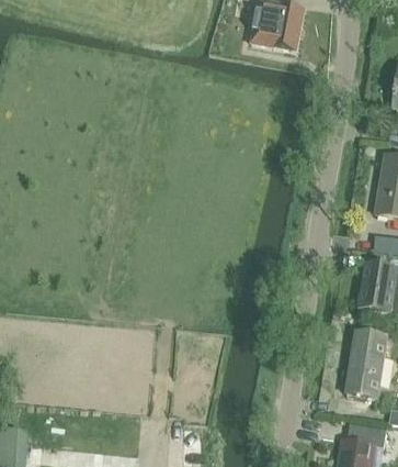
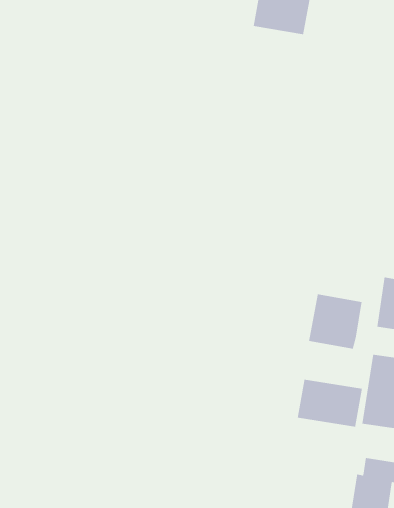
building: none -> [309,293,362,350]
building: none -> [297,379,363,428]

